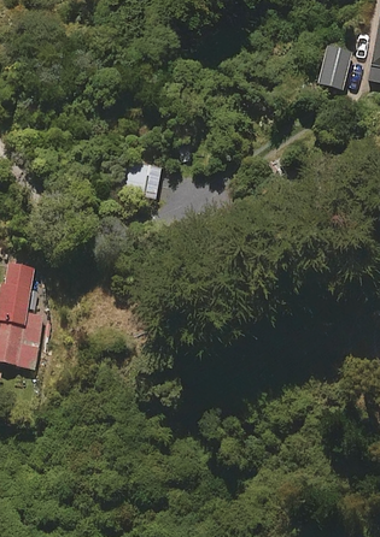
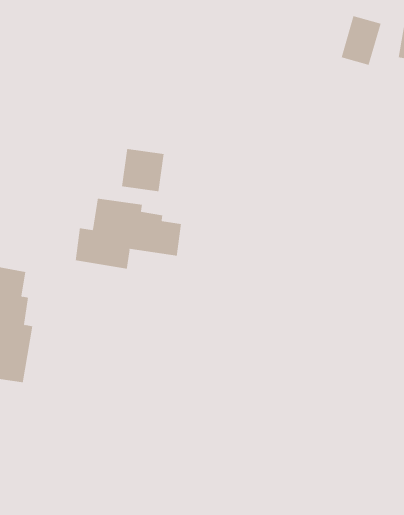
building: none -> [75,198,181,270]

